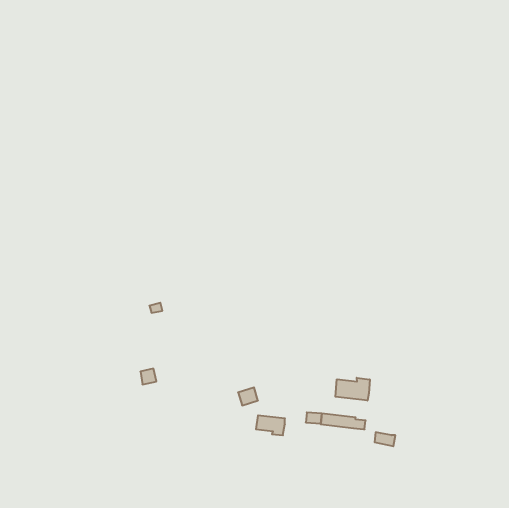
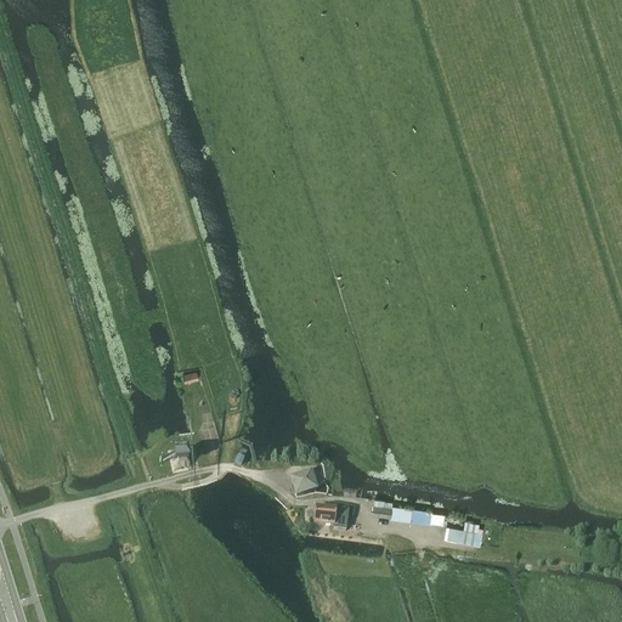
building: [335,378,370,401] -> none

